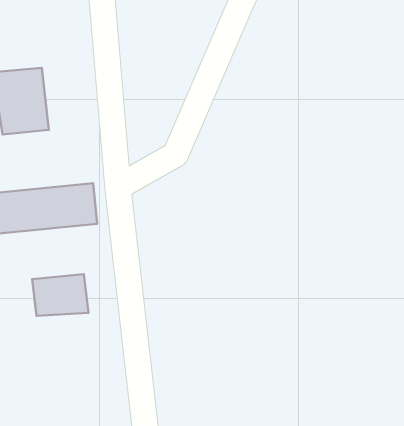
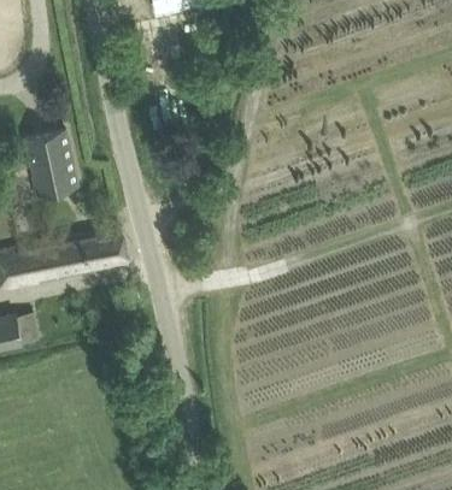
building: [32,274,89,316] -> none

